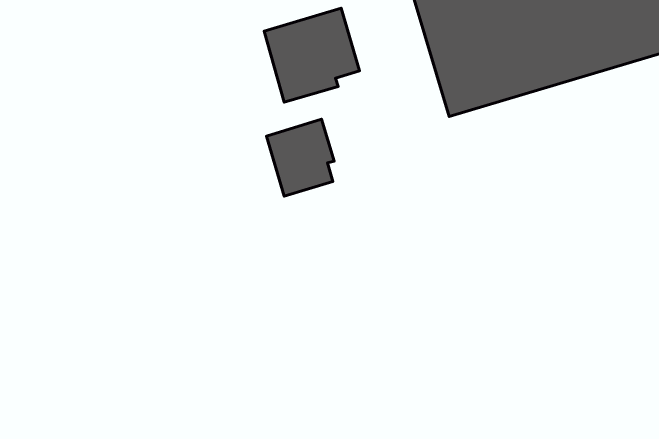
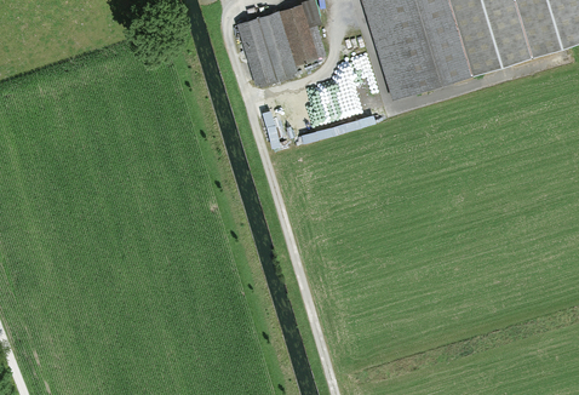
building: [266,119,334,196] -> none

